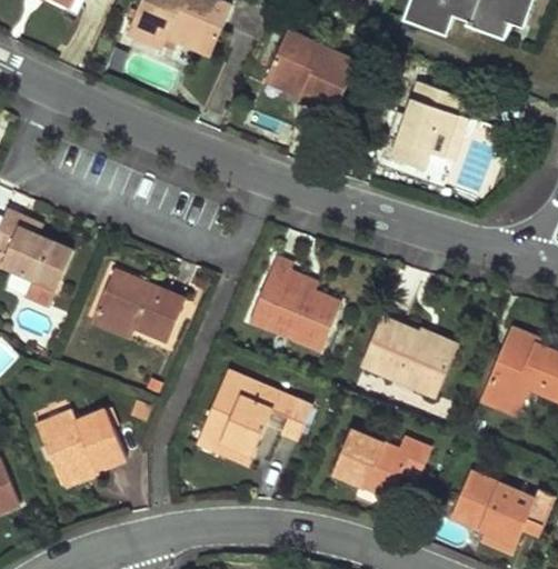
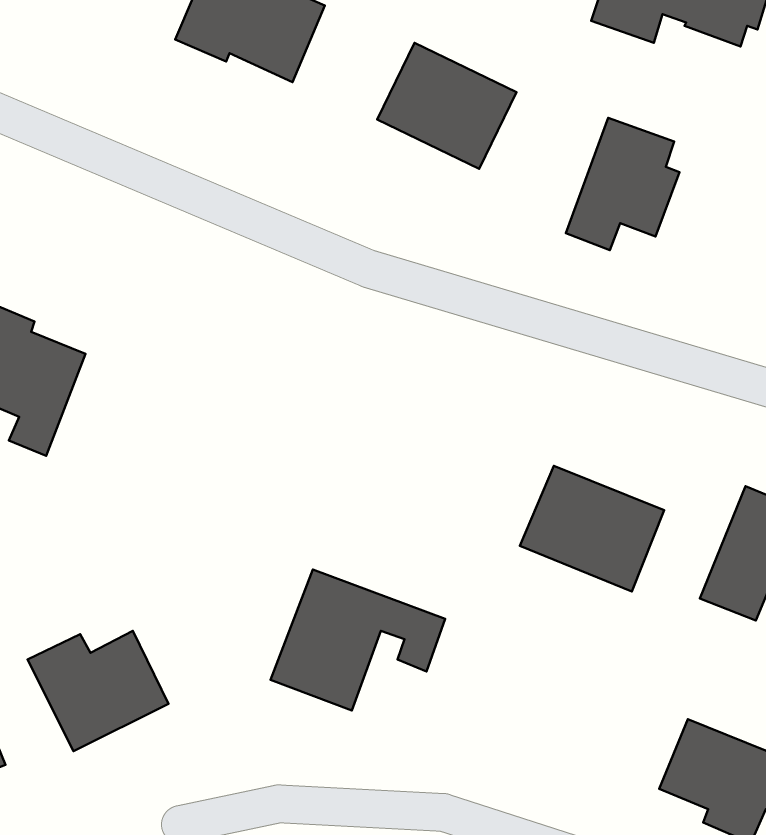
building: [247,258,340,347] -> none
building: [91,266,185,337] -> none
building: [331,431,428,499] -> none

